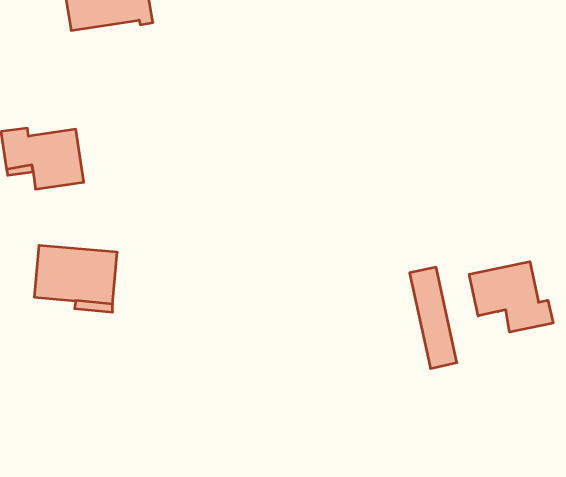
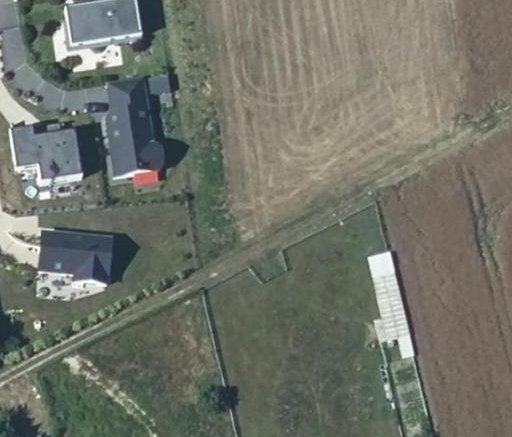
building: none -> [107,74,164,172]
building: [469,262,553,332] -> none

